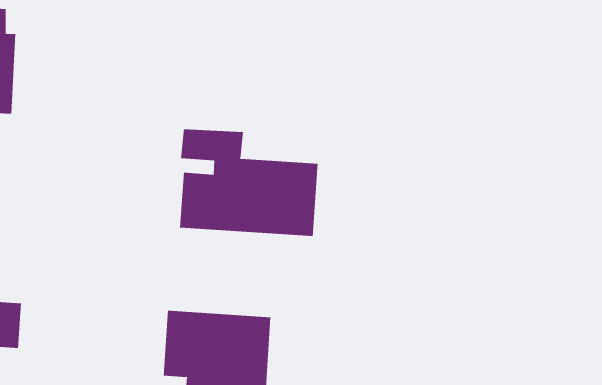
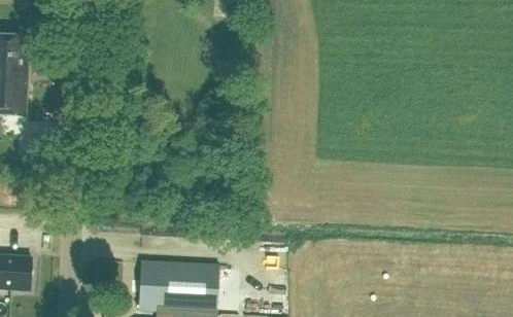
building: [180,128,318,237] -> none

